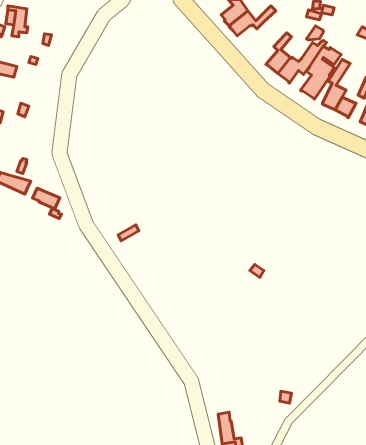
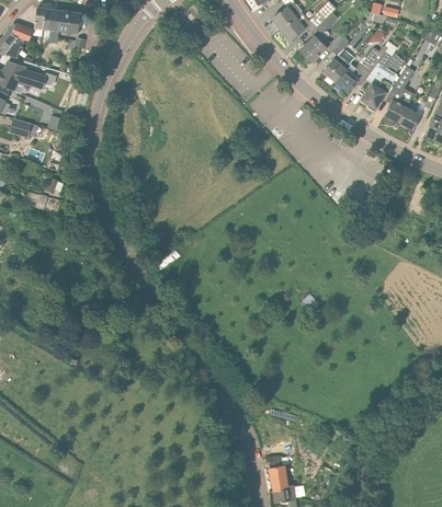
building: none -> [55,11,81,34]
building: none -> [299,13,342,62]
building: [32,188,62,219] -> none

